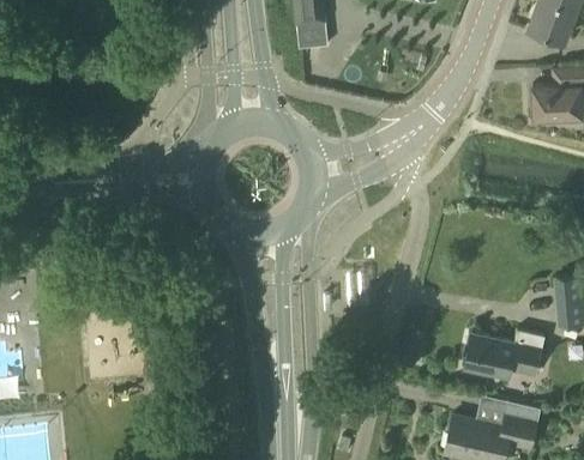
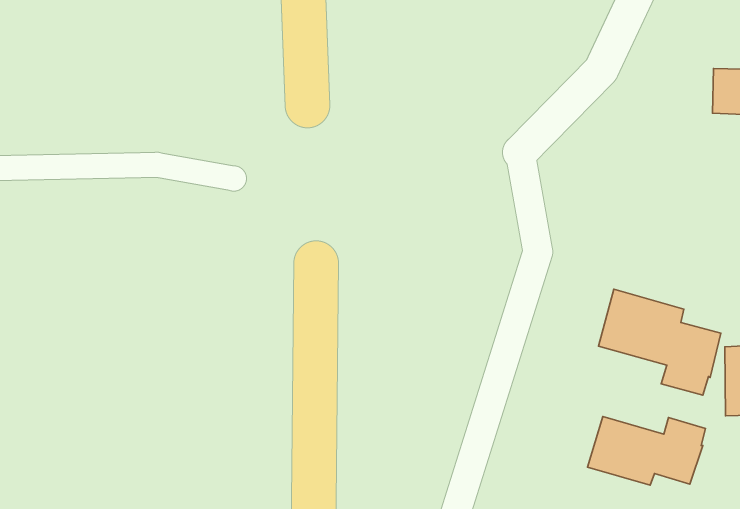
building: none -> [599,289,721,395]

